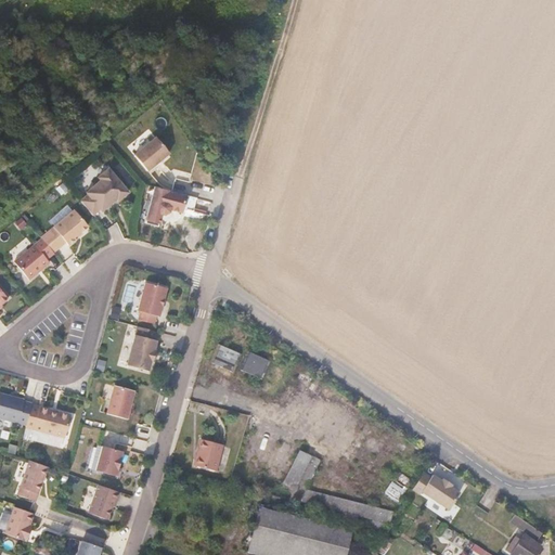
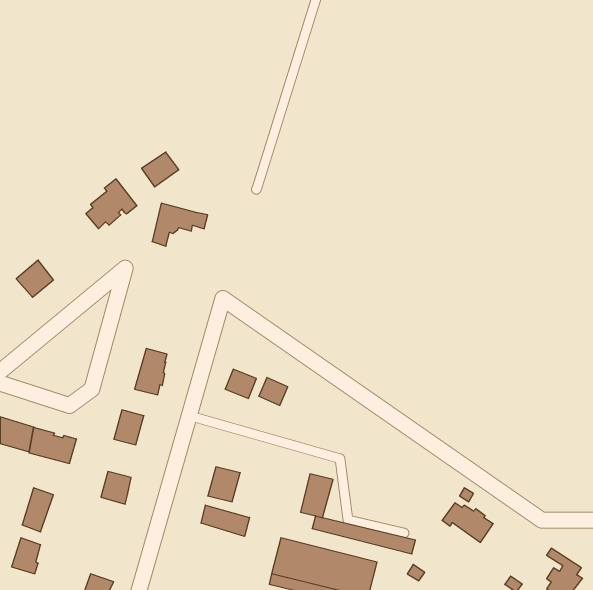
building: [41,212,88,255] -> none
building: [137,285,165,326] -> none
building: none -> [201,505,250,536]
building: [88,481,120,516] -> none

